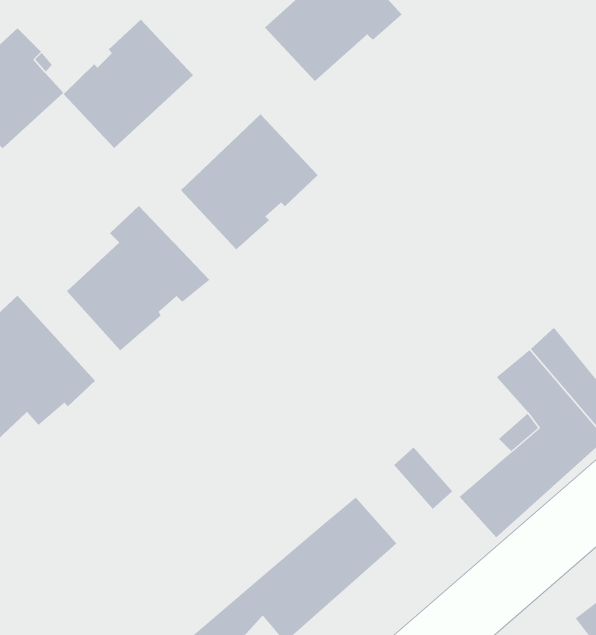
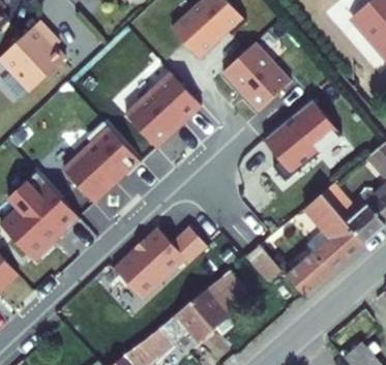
building: [63,19,194,149] -> none
building: none -> [227,36,296,107]
building: none -> [264,97,343,180]
building: none -> [118,230,213,304]

